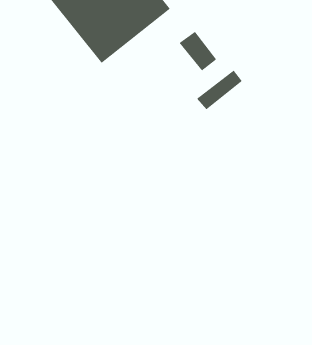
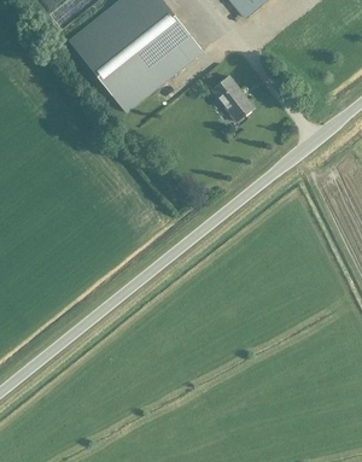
building: [196,69,243,110] -> none

